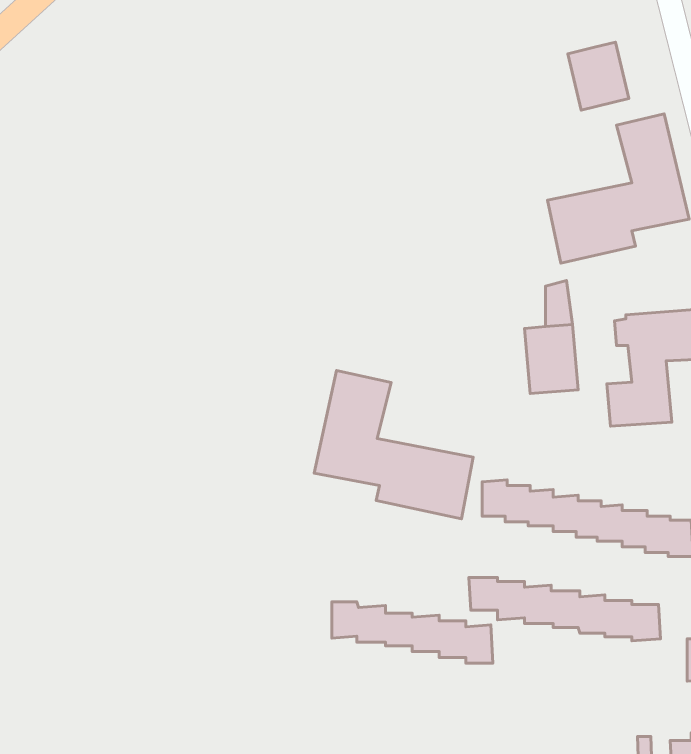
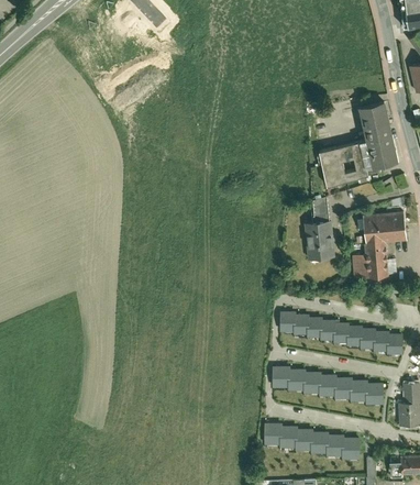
building: [568,42,629,110] -> none
building: [314,370,473,519] -> none
building: [332,602,493,663] -> [266,423,358,459]

